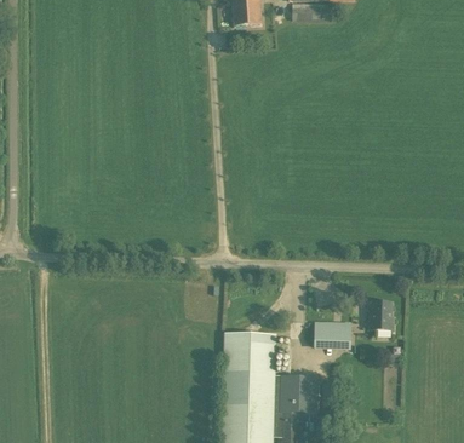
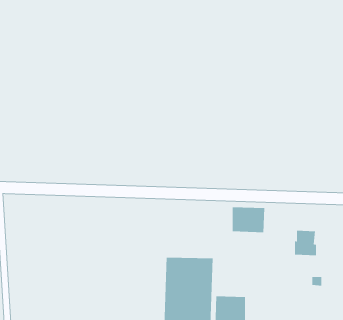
building: [313,321,350,350] -> [232,207,265,233]

